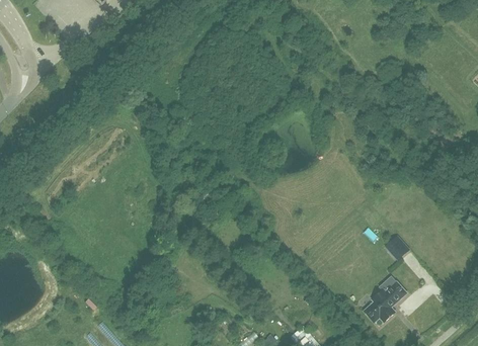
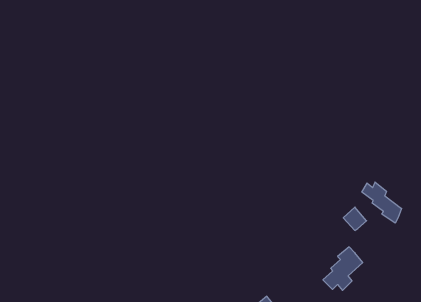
building: none -> [362,182,402,223]

